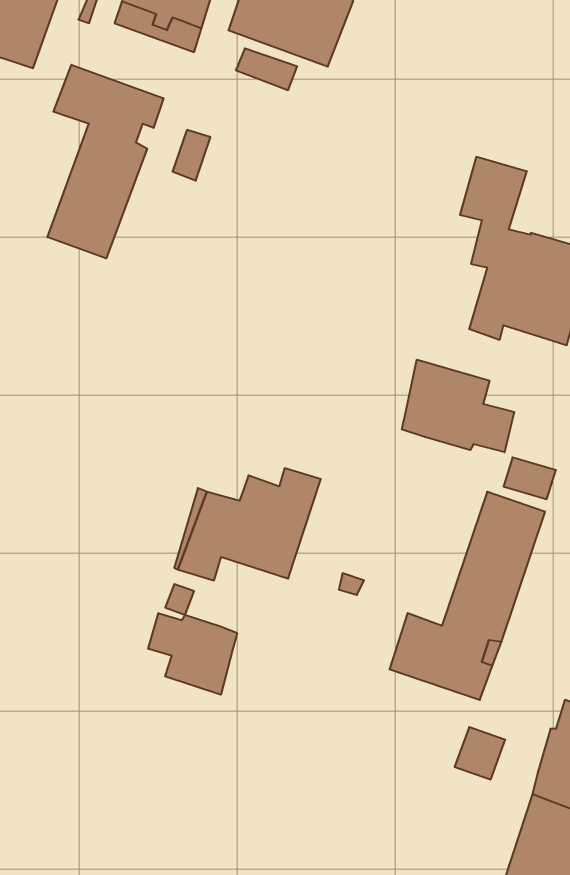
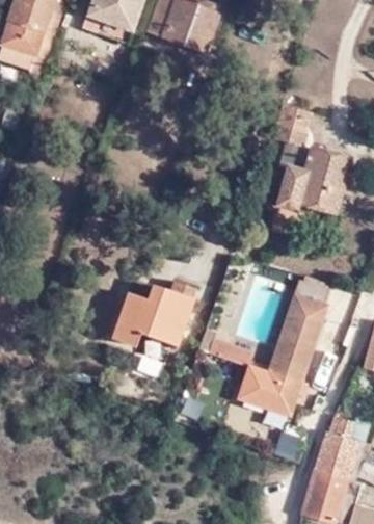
building: [47,65,163,258] -> none
building: [402,360,514,452] -> none
building: [148,613,237,695] -> none

